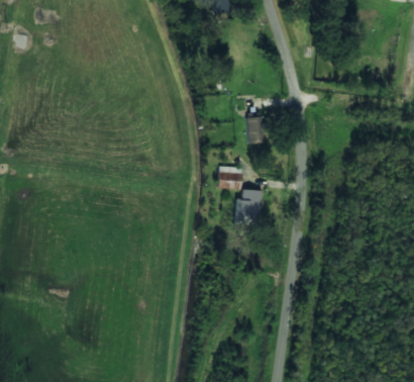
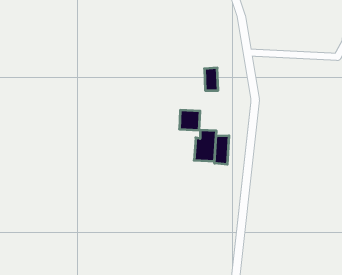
building: none -> [215,136,229,164]

